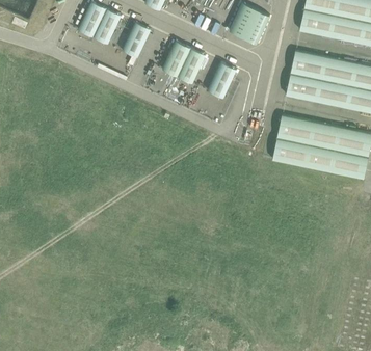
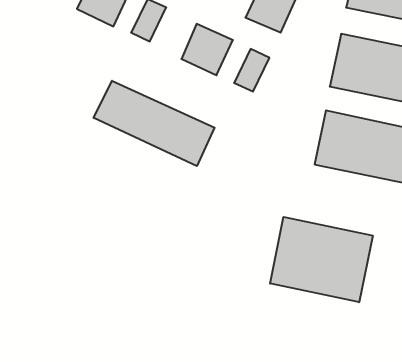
building: none -> [94,81,215,166]
building: none -> [270,217,373,302]

